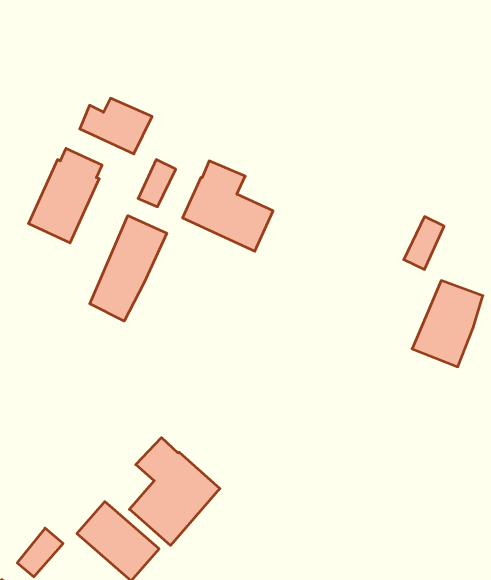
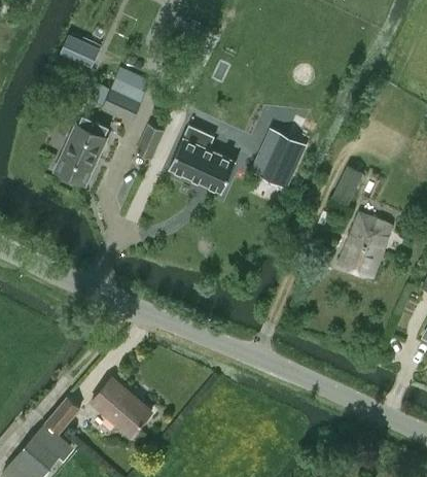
building: none -> [61,37,99,68]
building: none -> [261,134,306,189]
building: [90,216,167,321] -> none
building: [129,438,220,545] -> none

